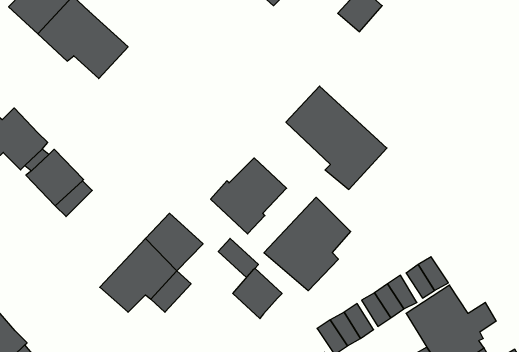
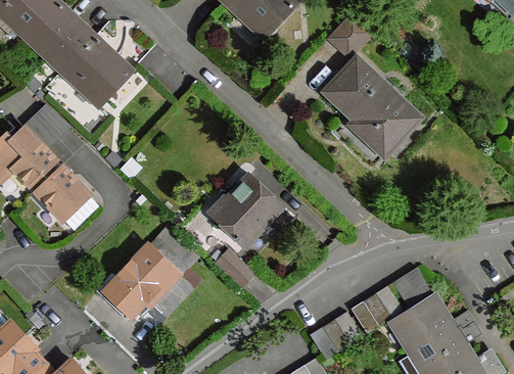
building: none -> [24,105,69,151]
building: [286,86,387,189] -> [325,58,420,155]
building: [264,197,351,291] -> none
building: [233,268,282,319] -> none

